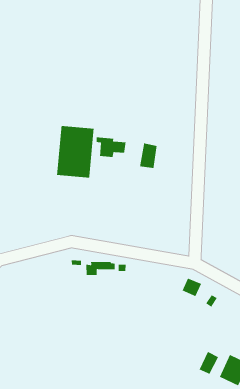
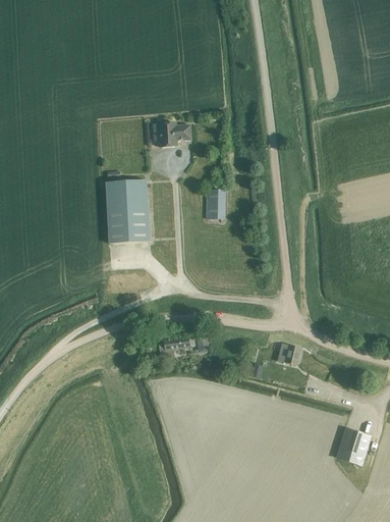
building: [96,137,127,158] -> [153,122,190,147]
building: [199,351,219,375] -> none

